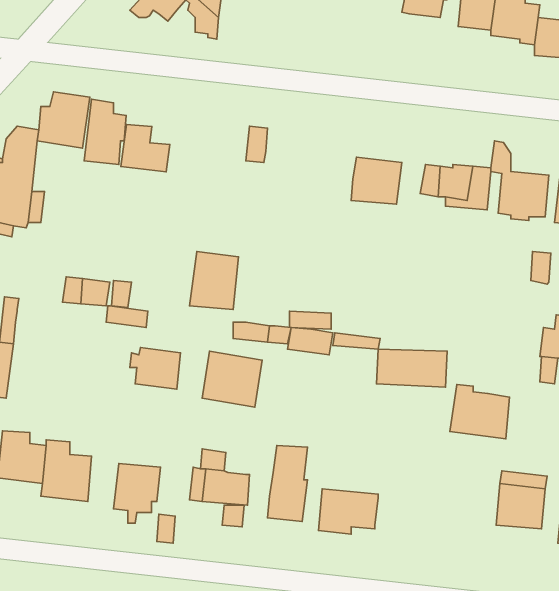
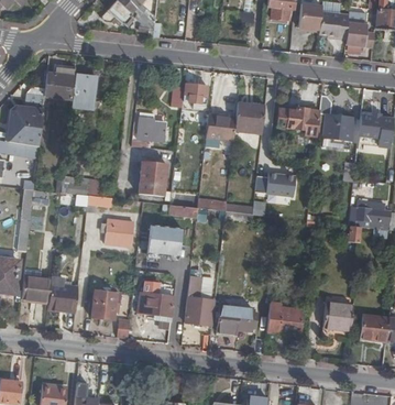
building: none -> [184,84,210,105]
building: [121,125,170,172] -> [138,112,167,141]
building: none -> [207,114,237,141]
building: [377,349,447,387] -> [254,172,297,195]
building: [450,384,510,439] -> [266,303,303,336]

